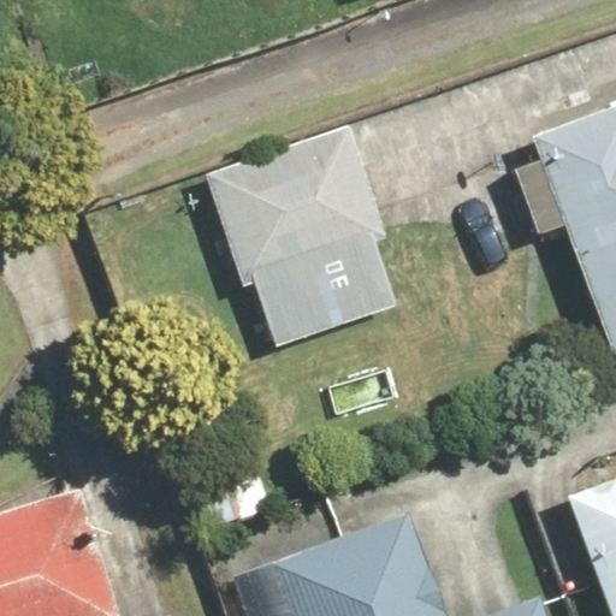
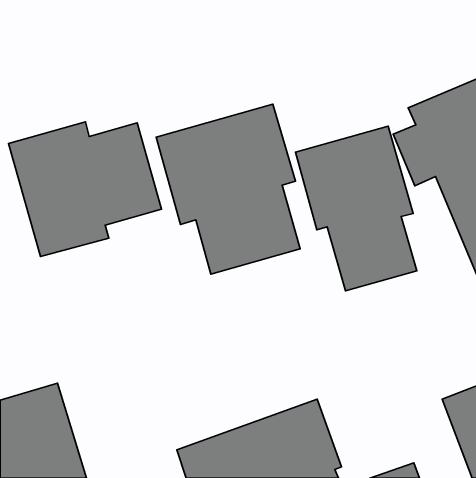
building: none -> [9,122,161,257]
building: none -> [295,126,417,291]

